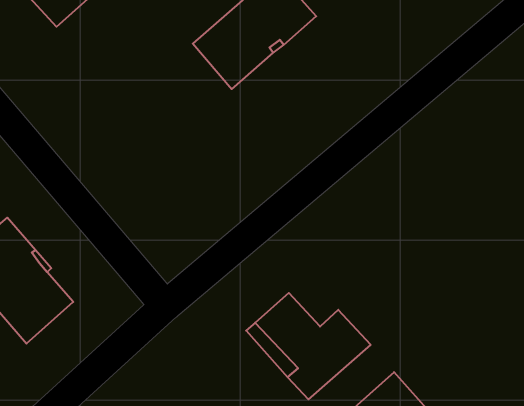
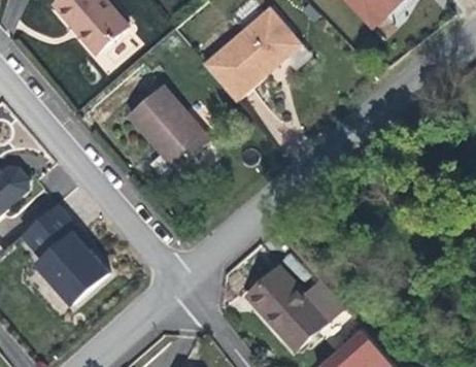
building: none -> [131,89,211,170]

